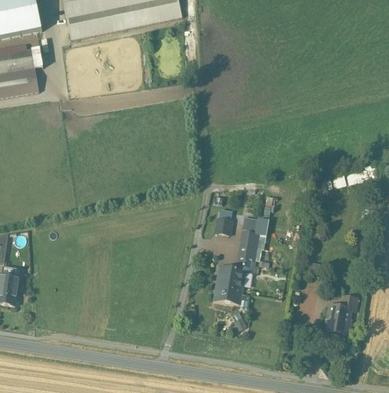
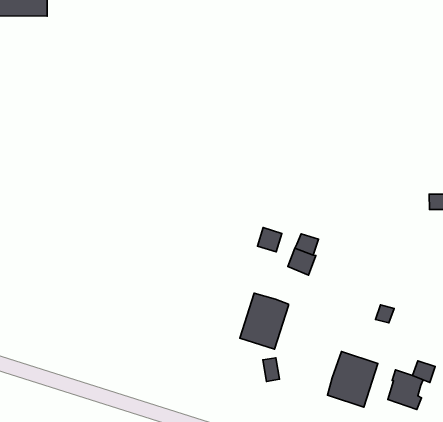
building: [235,243,256,272] -> none
building: none -> [327,351,378,407]

